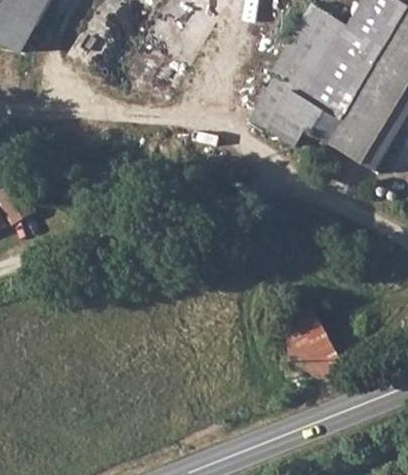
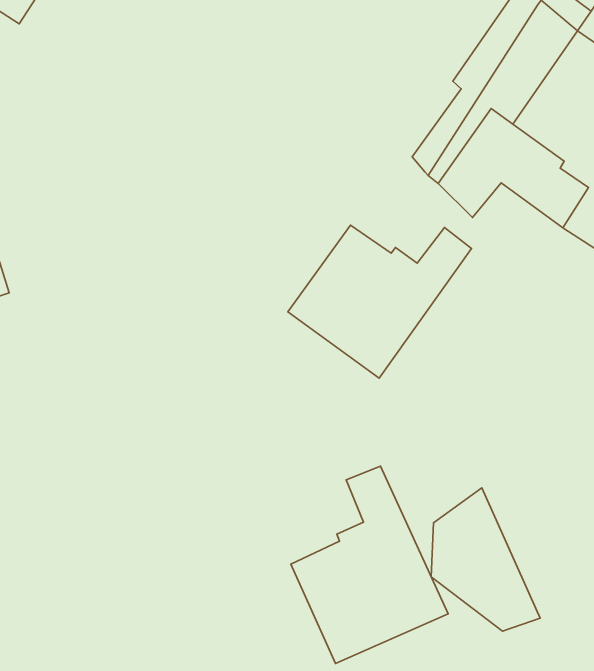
building: none -> [288,225,471,378]
building: none -> [291,466,448,664]

